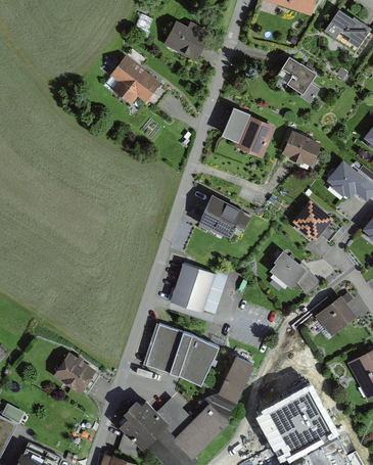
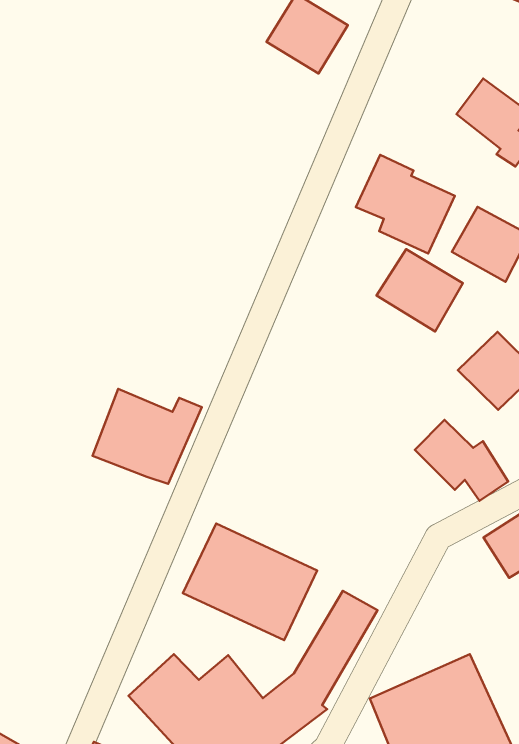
building: [111,56,164,104] -> none
building: [199,194,247,239] -> [377,249,463,331]
building: [171,264,230,315] -> [92,389,202,484]
building: [52,355,95,396] -> none

